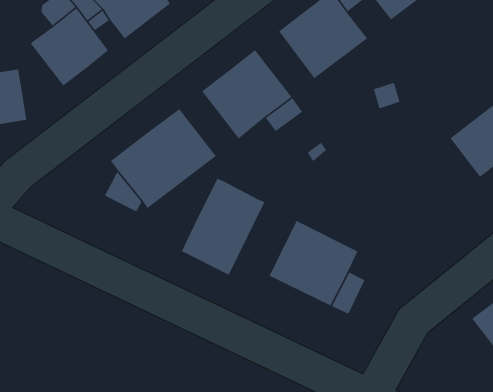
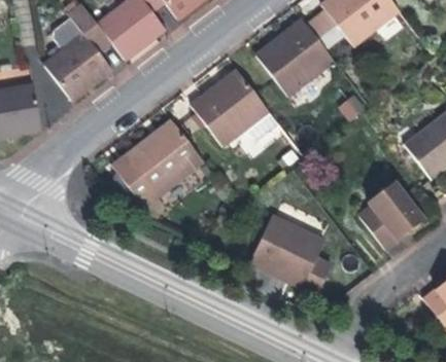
building: [181,178,266,276] -> none
building: none -> [359,181,426,249]

